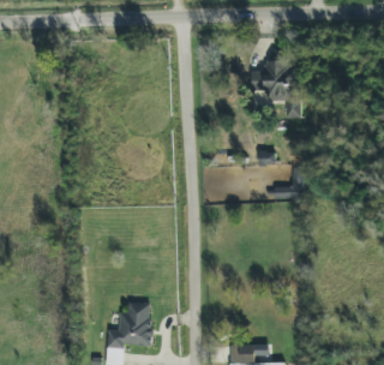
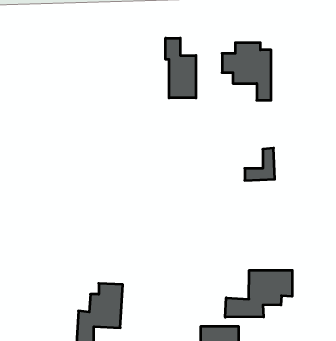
building: none -> [166,38,196,98]
building: none -> [225,270,292,317]

